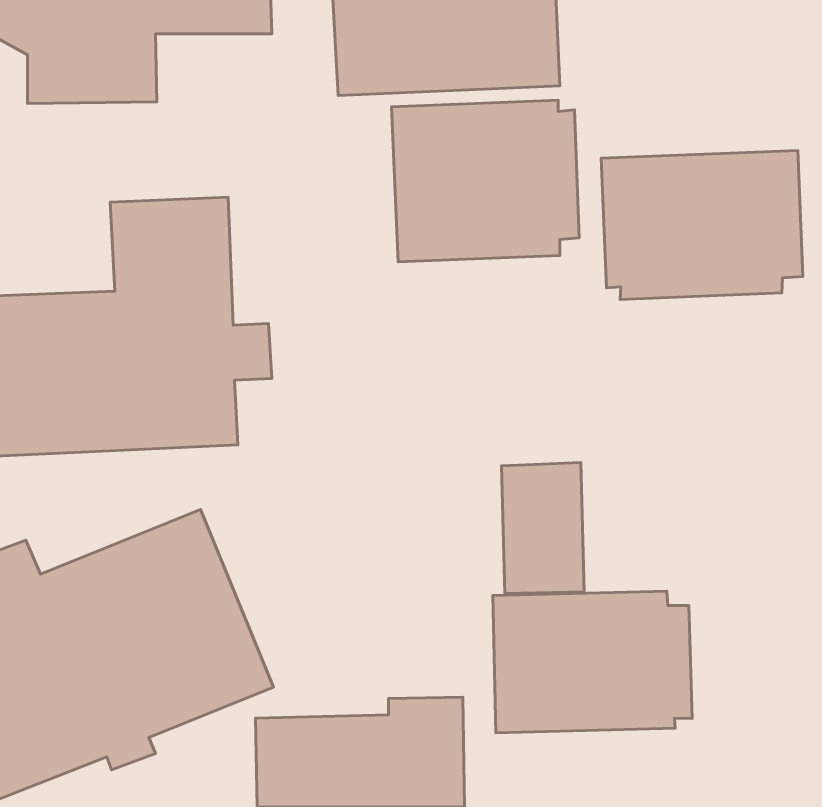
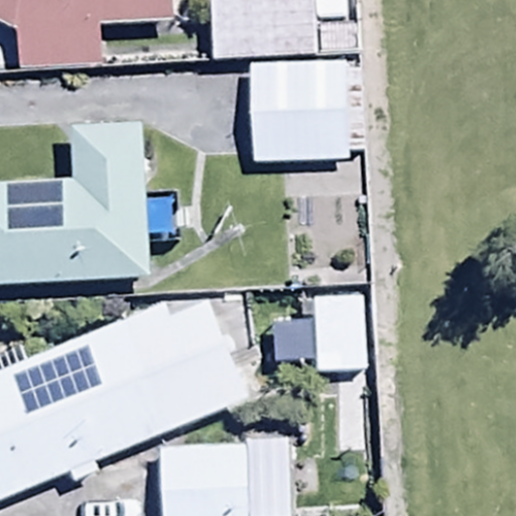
building: [601,151,803,300] -> none
building: [493,591,692,733] -> none

